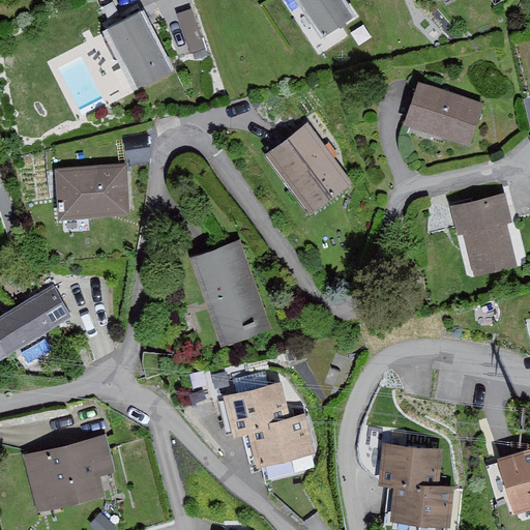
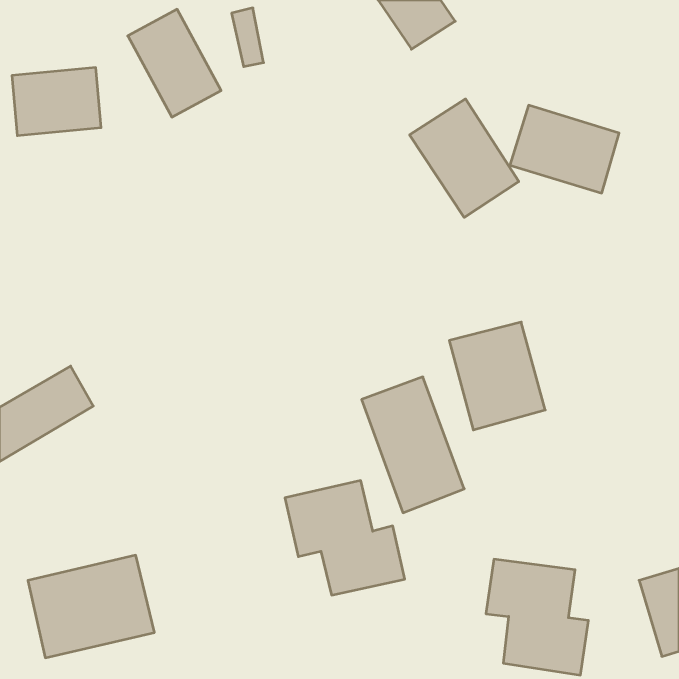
building: [269,125,354,217] -> [410,99,519,217]
building: [53,165,122,217] -> [12,68,101,136]
building: [447,195,522,278] -> [449,322,545,430]
building: [190,238,270,344] -> [362,377,464,513]

